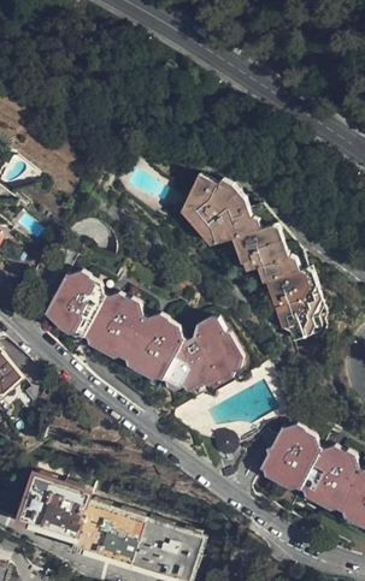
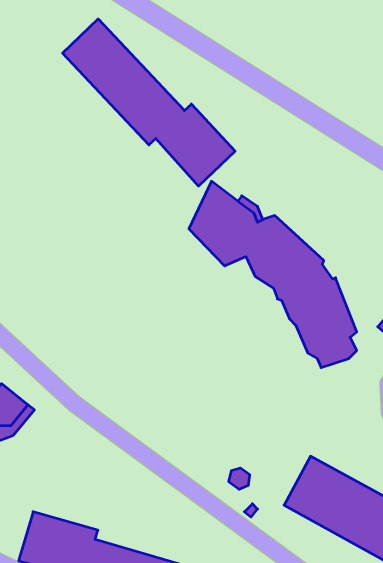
building: none -> [63,19,235,186]
building: [41,269,240,391] -> none

